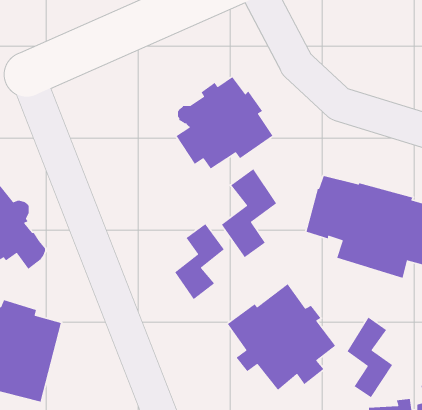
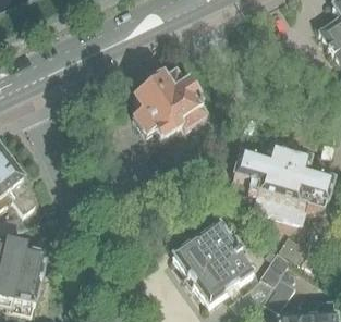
building: [221,168,277,258] -> none
building: [174,223,225,300] -> none

